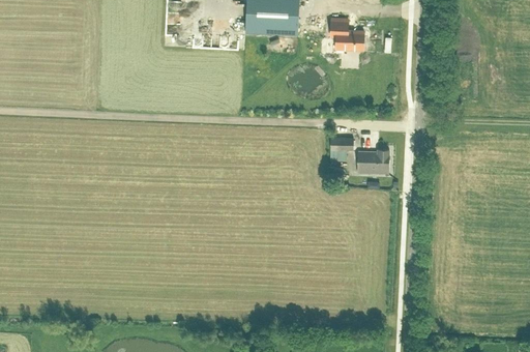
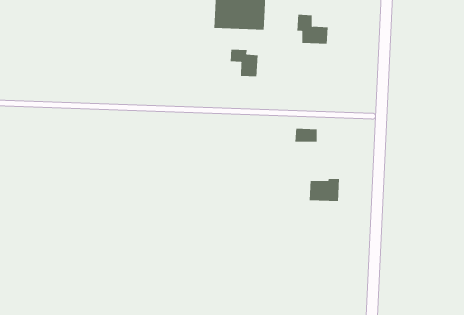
building: none -> [230,49,258,77]
building: [356,150,388,174] -> [309,178,340,201]

